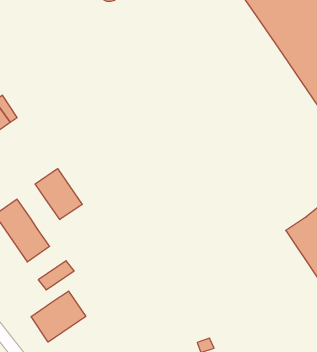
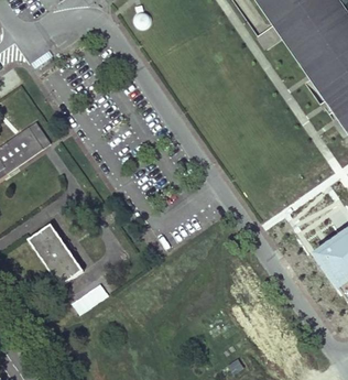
building: [35,169,82,220] -> none
building: [31,291,86,342] -> none

